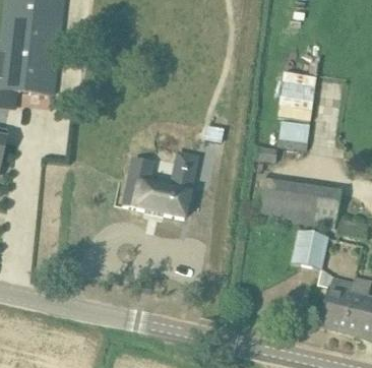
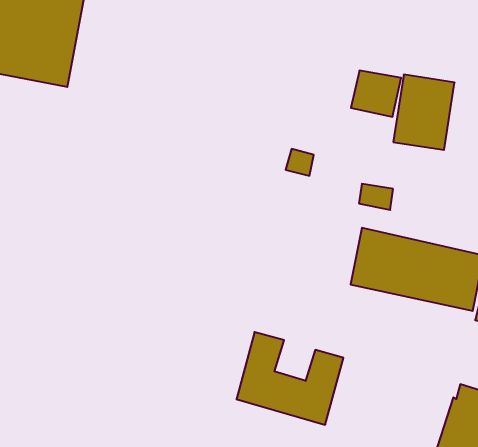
building: [277,120,310,149] -> [351,71,401,117]
building: [123,159,193,218] -> [236,332,343,425]
building: [291,229,328,268] -> none

